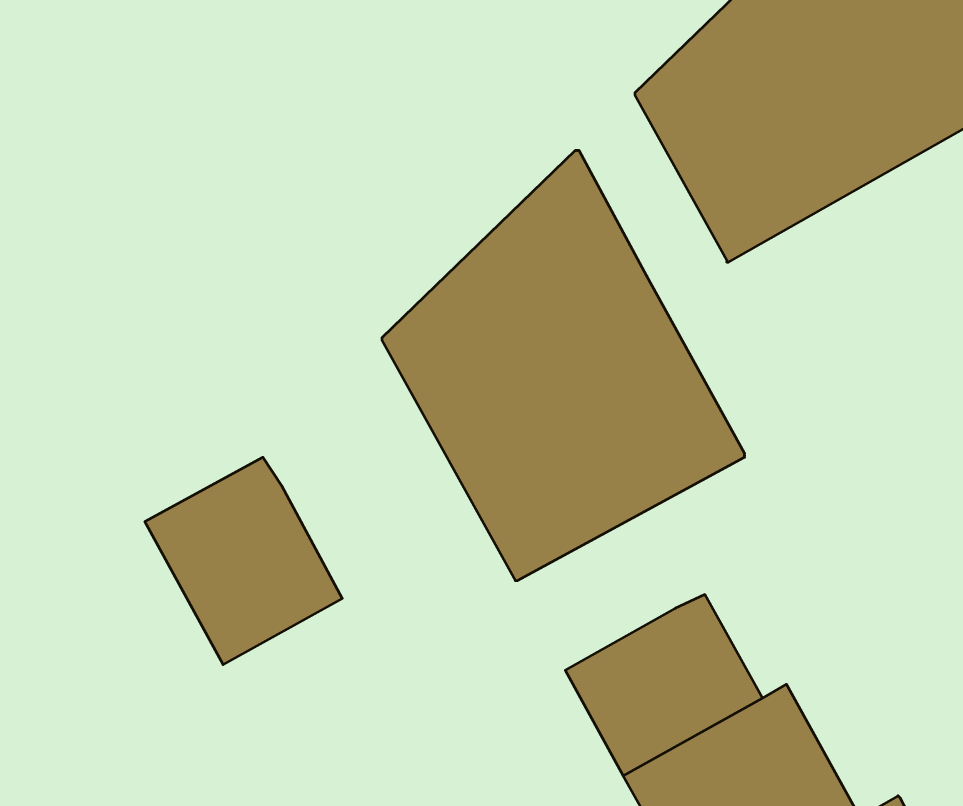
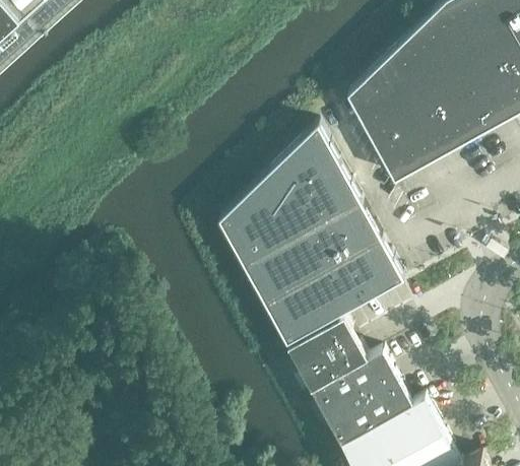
building: [145,457,342,665] -> none
building: none -> [289,318,369,392]

